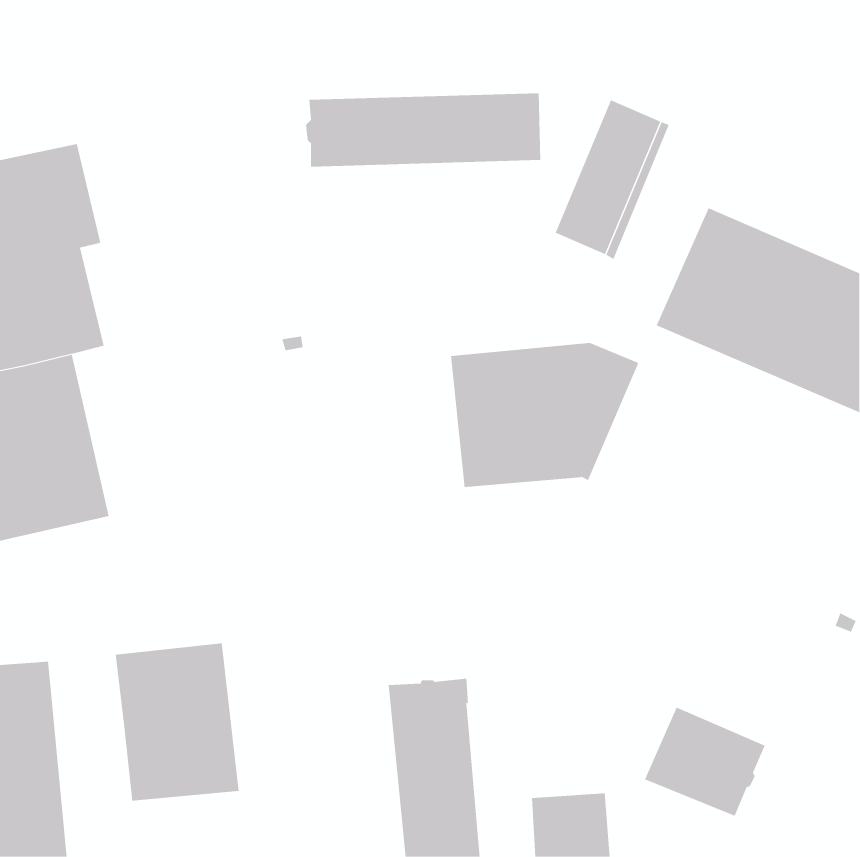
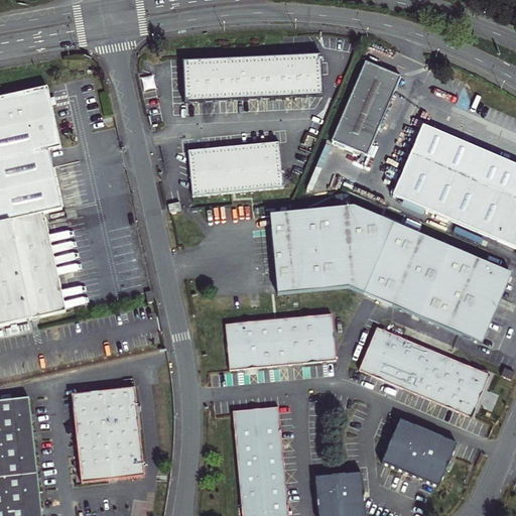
building: none -> [187,140,283,195]
building: none -> [352,217,505,341]
building: none -> [225,312,336,369]
building: none -> [357,325,487,416]

